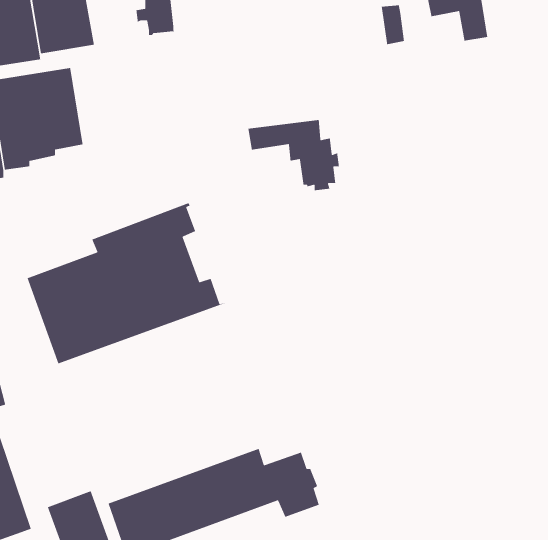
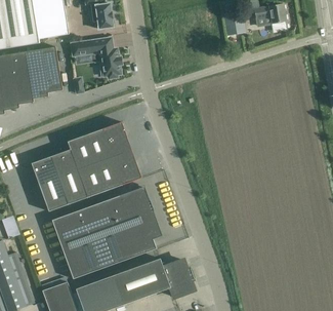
building: [247,119,340,191] -> [72,38,123,78]
building: none -> [52,186,163,278]

